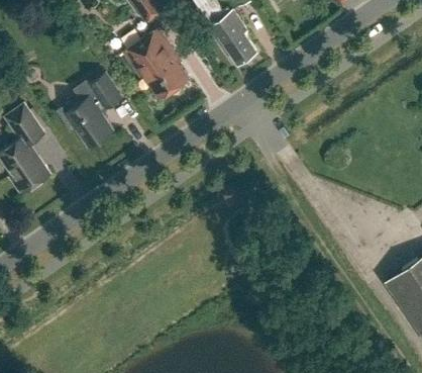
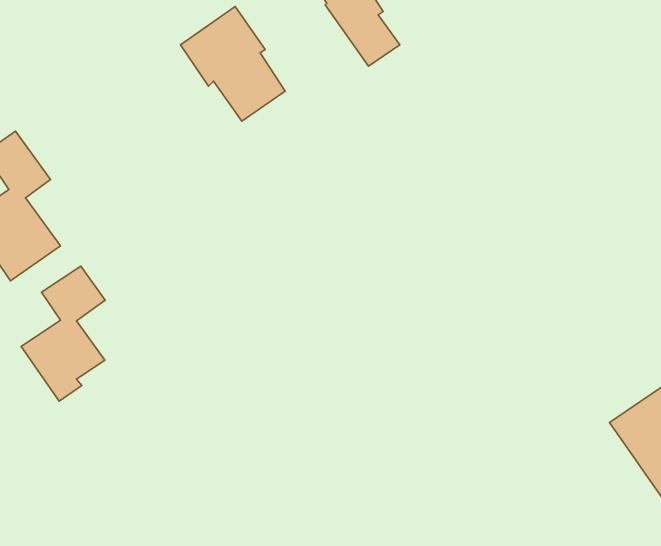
building: [56,72,122,147] -> none
building: none -> [21,266,105,401]

